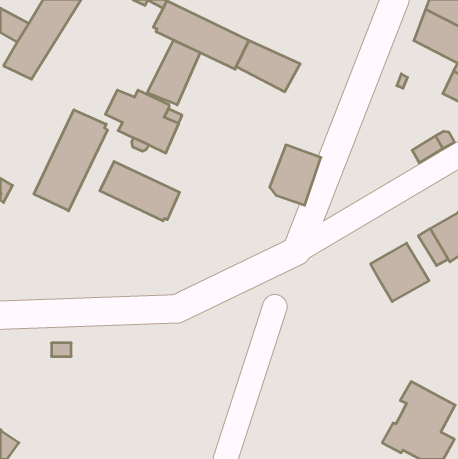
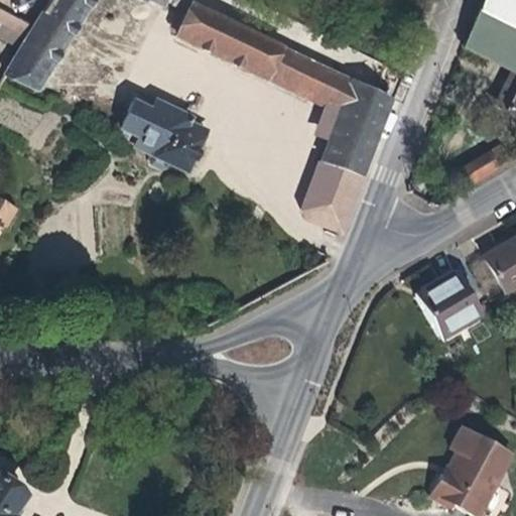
building: [147,40,200,105] -> none
building: none -> [321,72,392,176]
building: [34,110,107,211] -> none
building: [100,161,180,221] -> none

